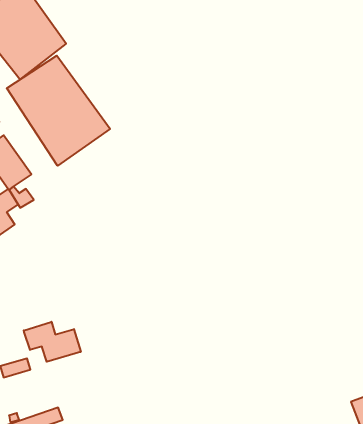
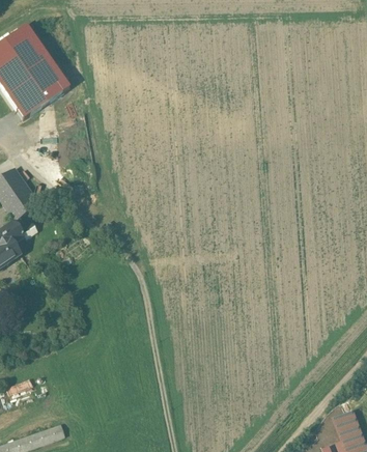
building: [7,56,110,166] -> none
building: [24,322,81,362] -> none

